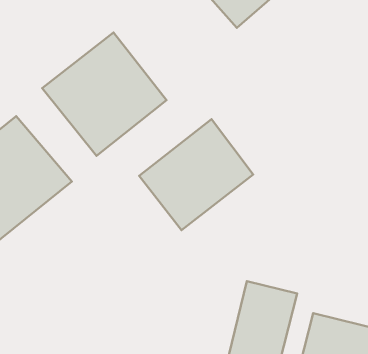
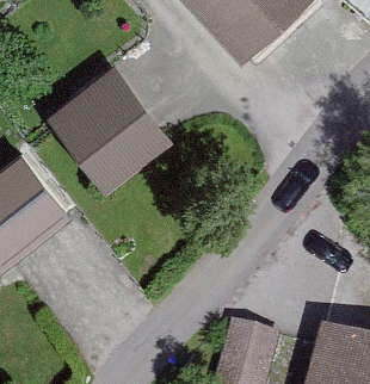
building: [139,119,253,230] -> none

